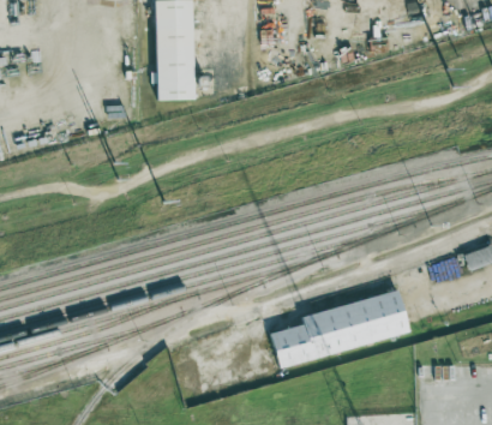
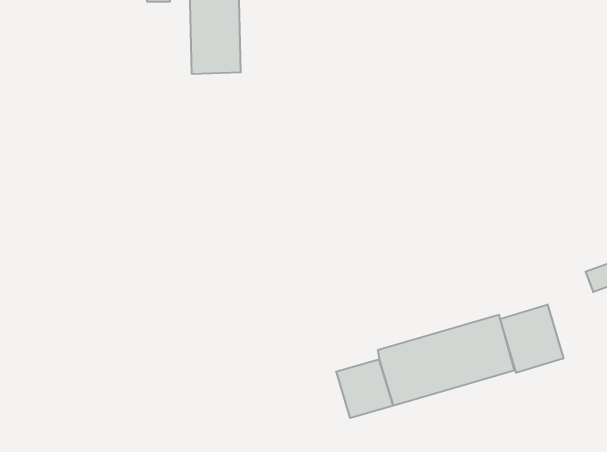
building: none -> [500,304,563,373]

